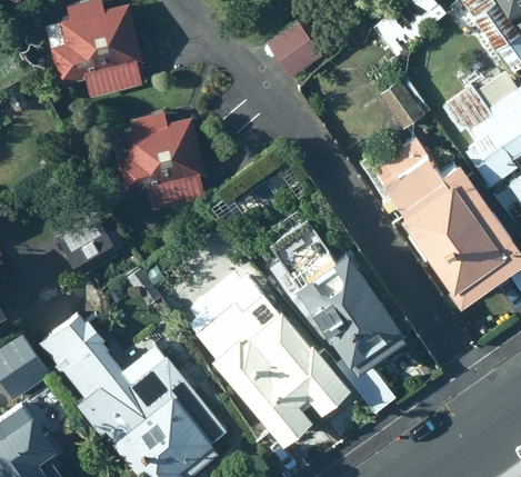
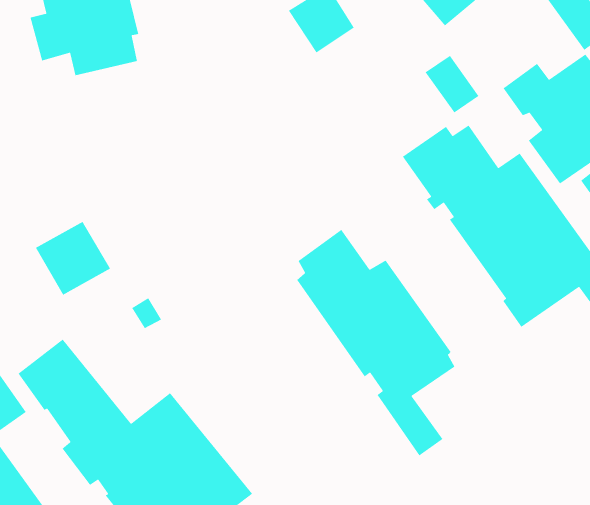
building: [111,112,206,211] -> none
building: [190,275,350,447] -> none

